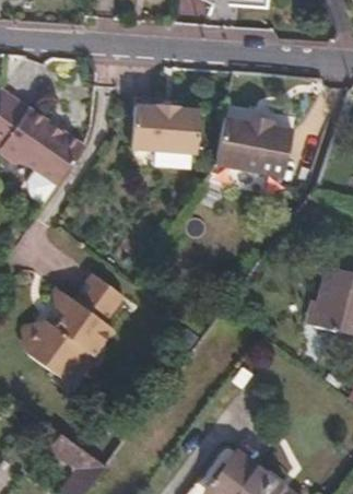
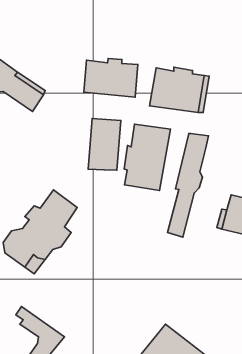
building: none -> [88,119,121,170]
building: none -> [124,124,170,191]
building: none -> [168,133,208,237]

